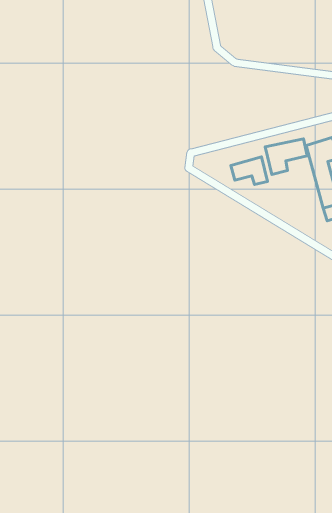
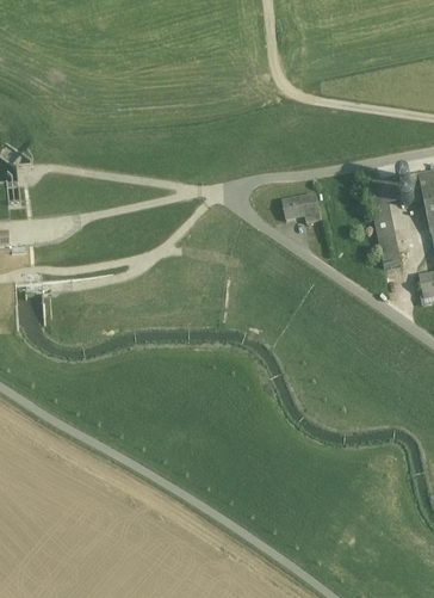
building: [265,139,307,175] -> none

